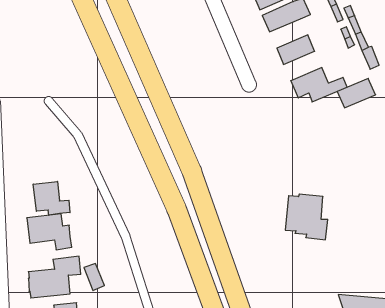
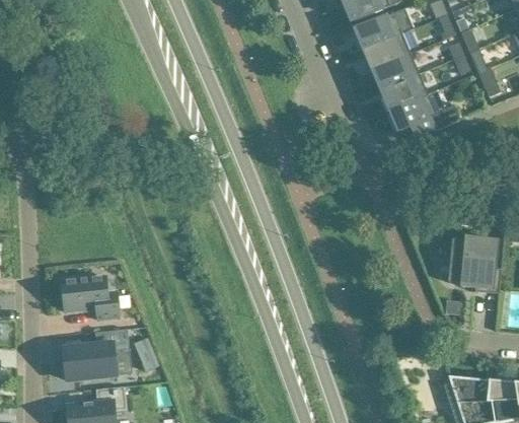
building: none -> [362,33,410,70]
building: [337,78,376,108] -> [379,74,427,111]
building: [33,181,70,215] -> none
building: [285,194,328,240] -> [448,237,501,294]

